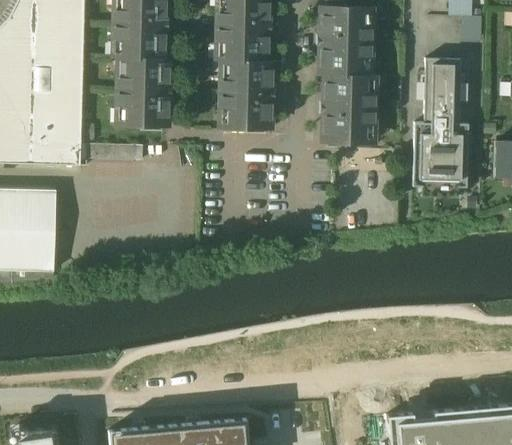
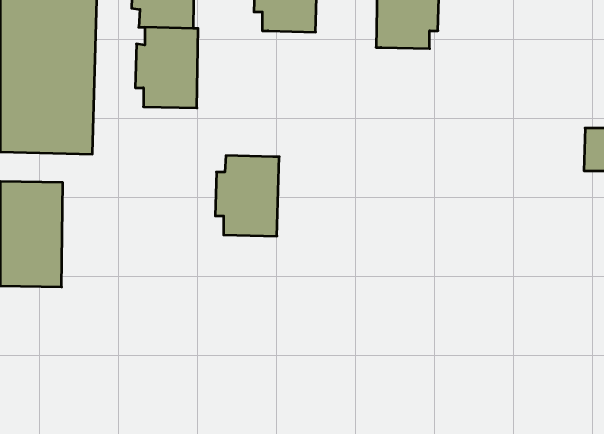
building: [219,61,273,129] -> [215,156,279,236]
building: [414,62,466,193] -> none
building: [322,75,375,143] -> none

